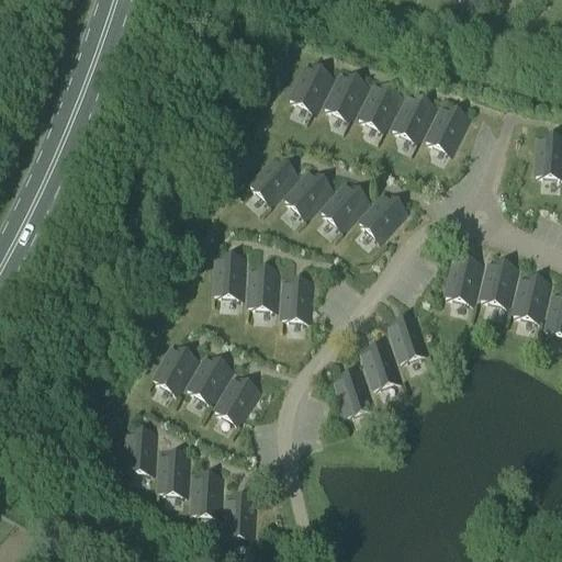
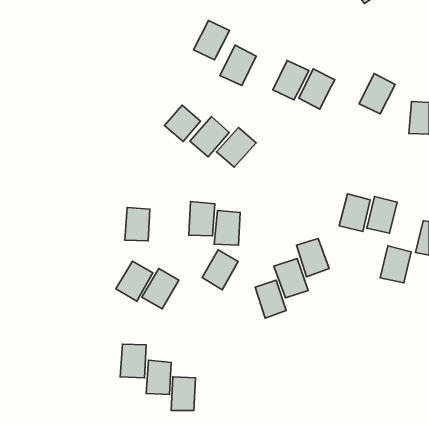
building: [323,69,370,121] -> [193,20,230,60]
building: [424,101,471,154] -> [359,74,395,114]
building: none -> [165,105,200,141]
building: [319,179,371,231] -> none
building: [358,189,408,241] -> none
building: [213,252,246,296] -> [125,207,150,241]
building: [512,272,552,321] -> [380,246,411,283]
building: [214,372,261,425] -> [202,250,238,290]
building: [124,427,158,472] -> none

